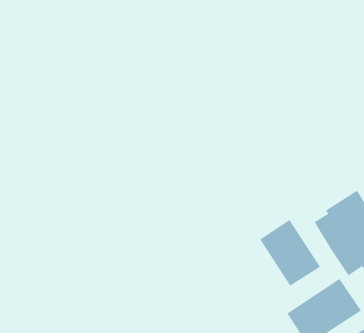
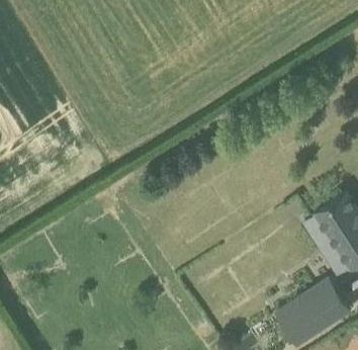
building: [260,219,321,287] -> none

